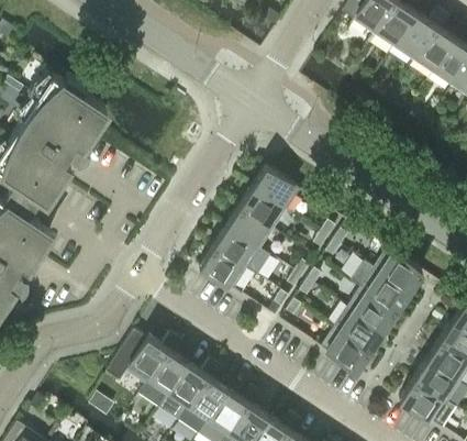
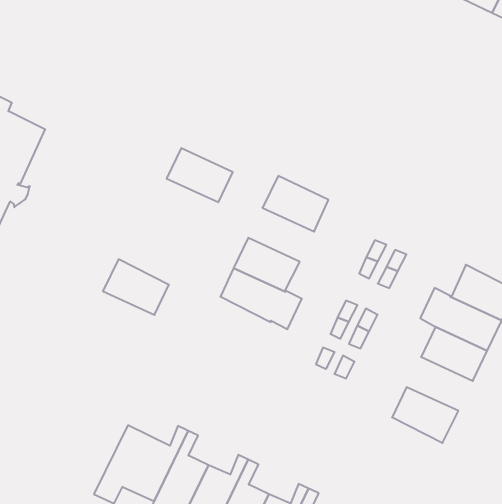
building: [240,189,287,231] -> [167,148,233,202]
building: [200,247,247,290] -> [103,259,169,315]
building: [336,310,383,352] -> none

